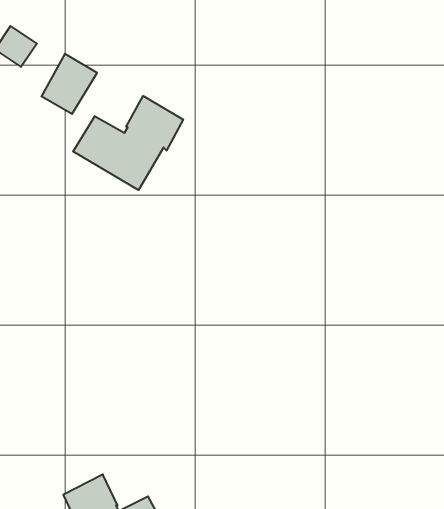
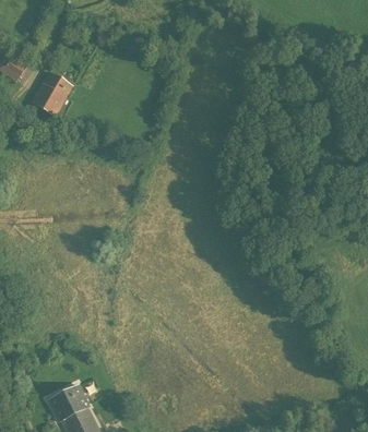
building: [73,96,183,190] -> none

